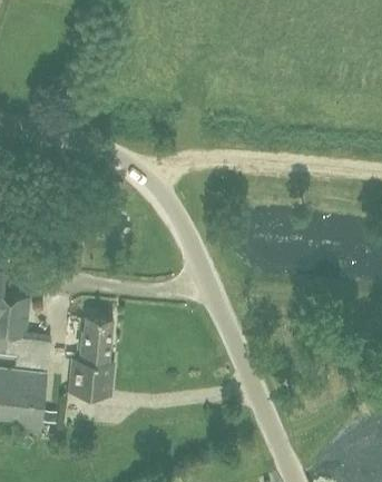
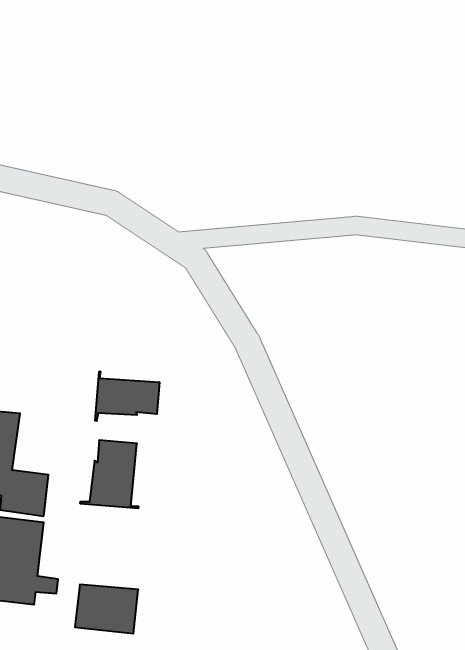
building: none -> [95,371,159,421]
building: [69,360,114,394] -> [75,585,138,634]

